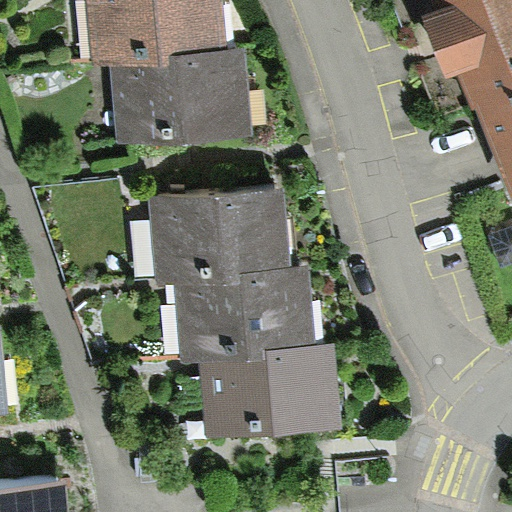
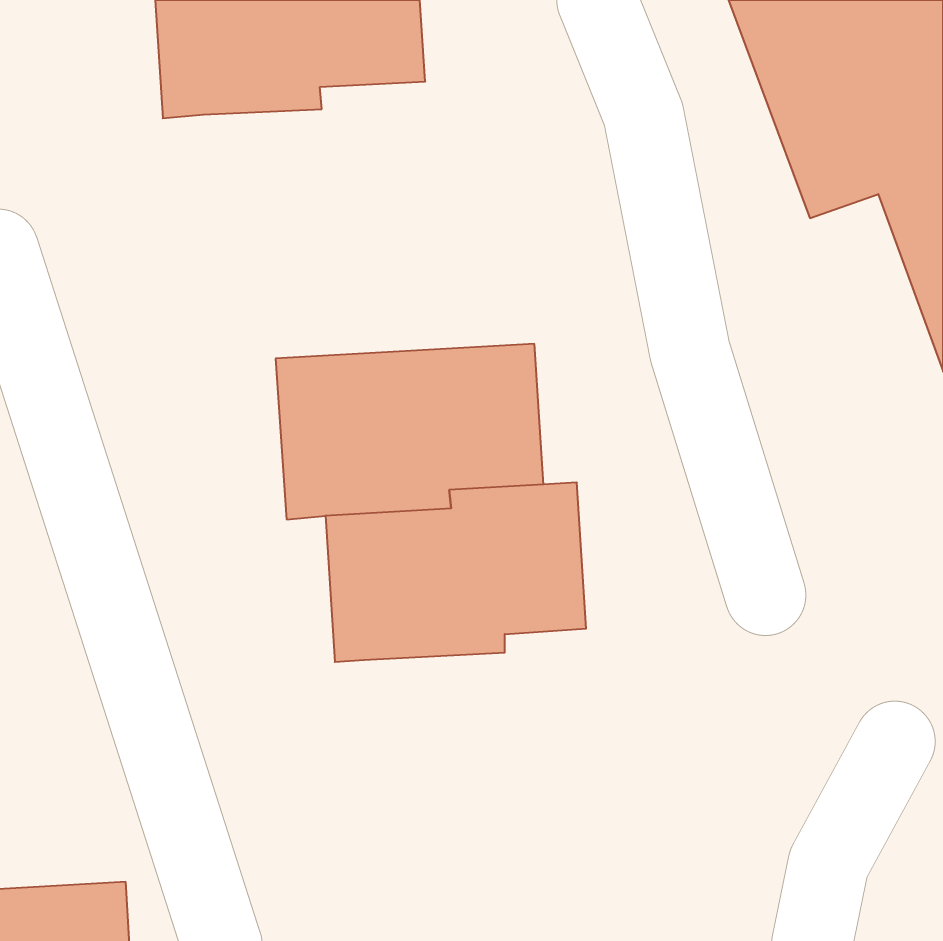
building: [110,45,253,140] -> none
building: [197,341,342,436] -> none

